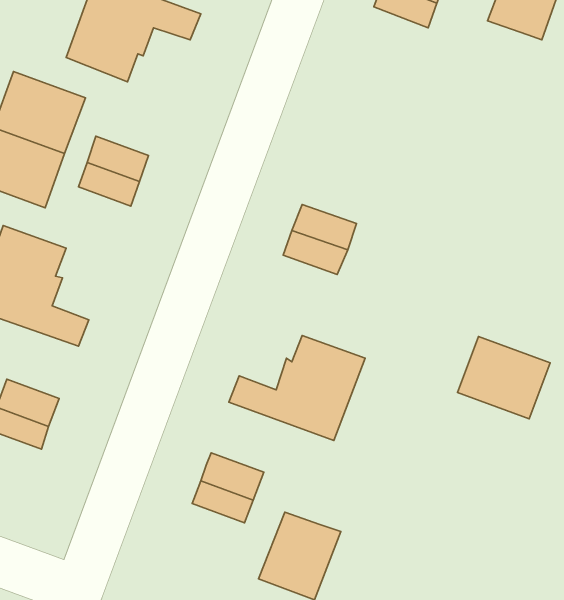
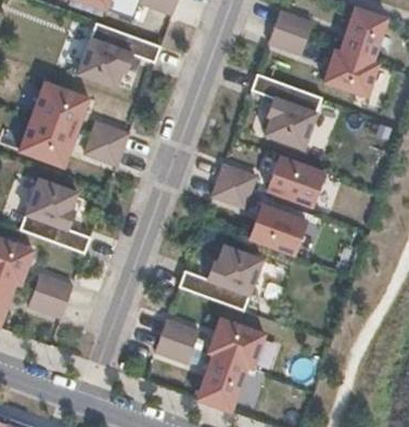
building: none -> [322,49,376,95]
building: none -> [251,74,322,150]
building: none -> [267,157,324,207]
building: [457,337,550,419] -> [250,205,307,256]
building: none -> [207,318,266,370]

